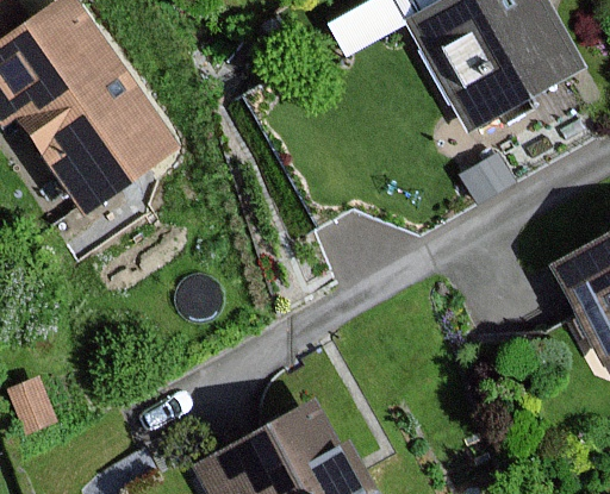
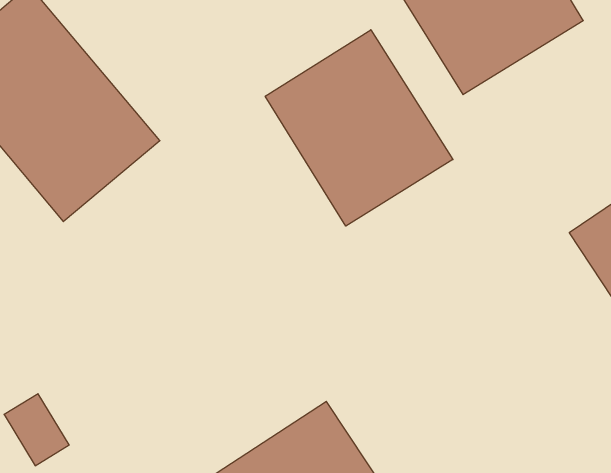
building: none -> [265,30,453,226]

